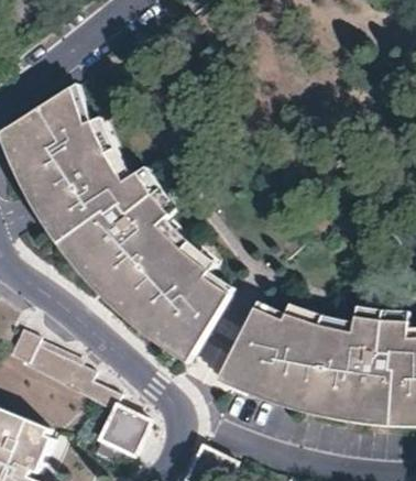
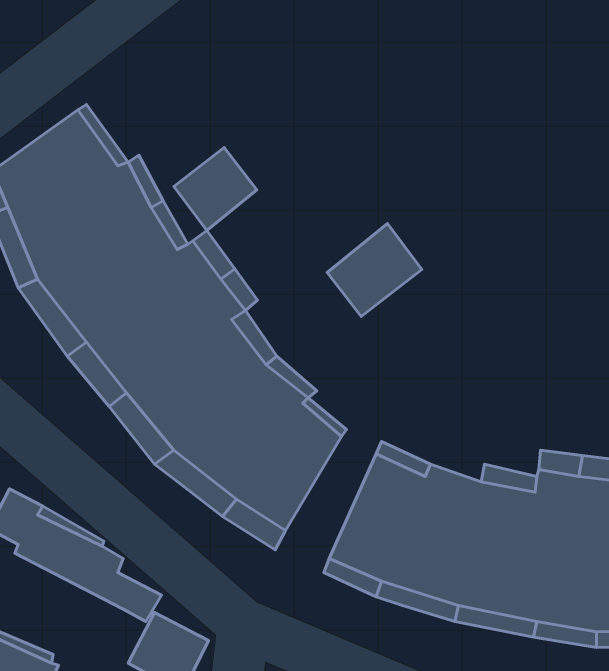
building: none -> [174,148,257,230]
building: none -> [327,224,422,317]

